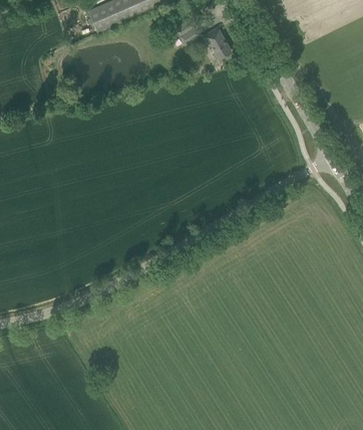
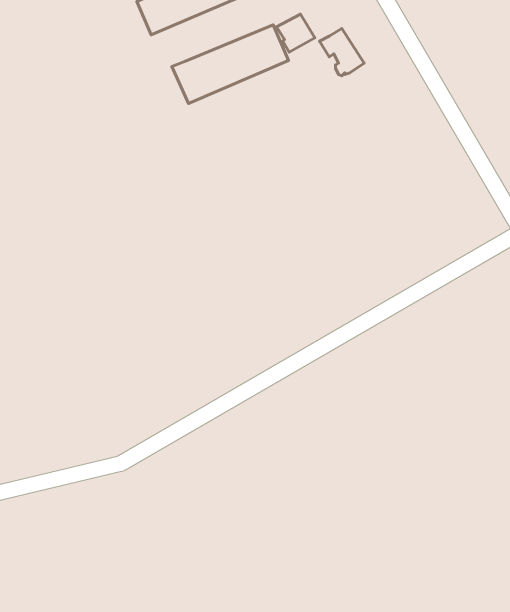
building: none -> [172,25,289,104]

